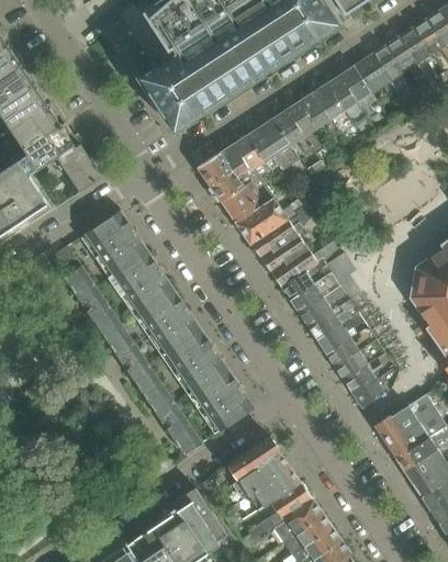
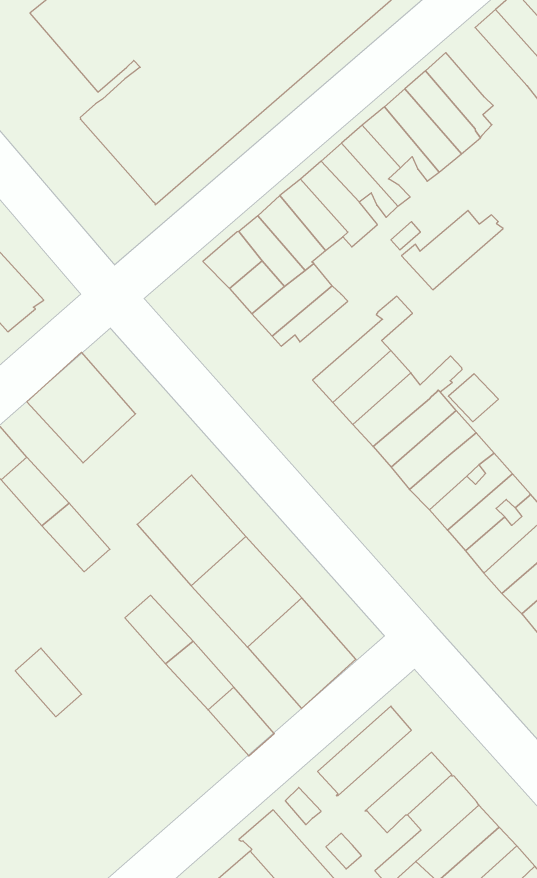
building: [352,54,396,97] -> none
building: [235,201,295,244] -> [402,210,503,290]
building: [112,249,173,313] -> none
building: [104,325,141,366] -> [15,648,82,717]
building: [233,452,290,499] -> none

